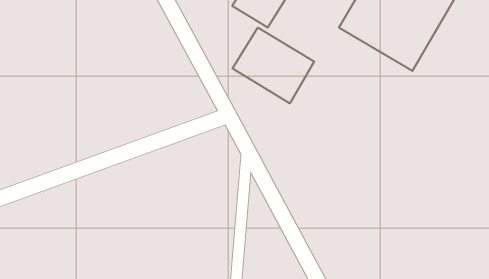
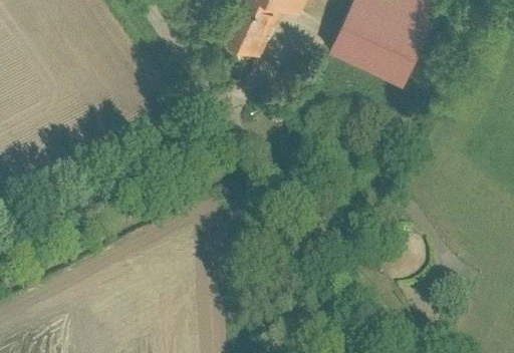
building: [233,28,314,103] -> none

